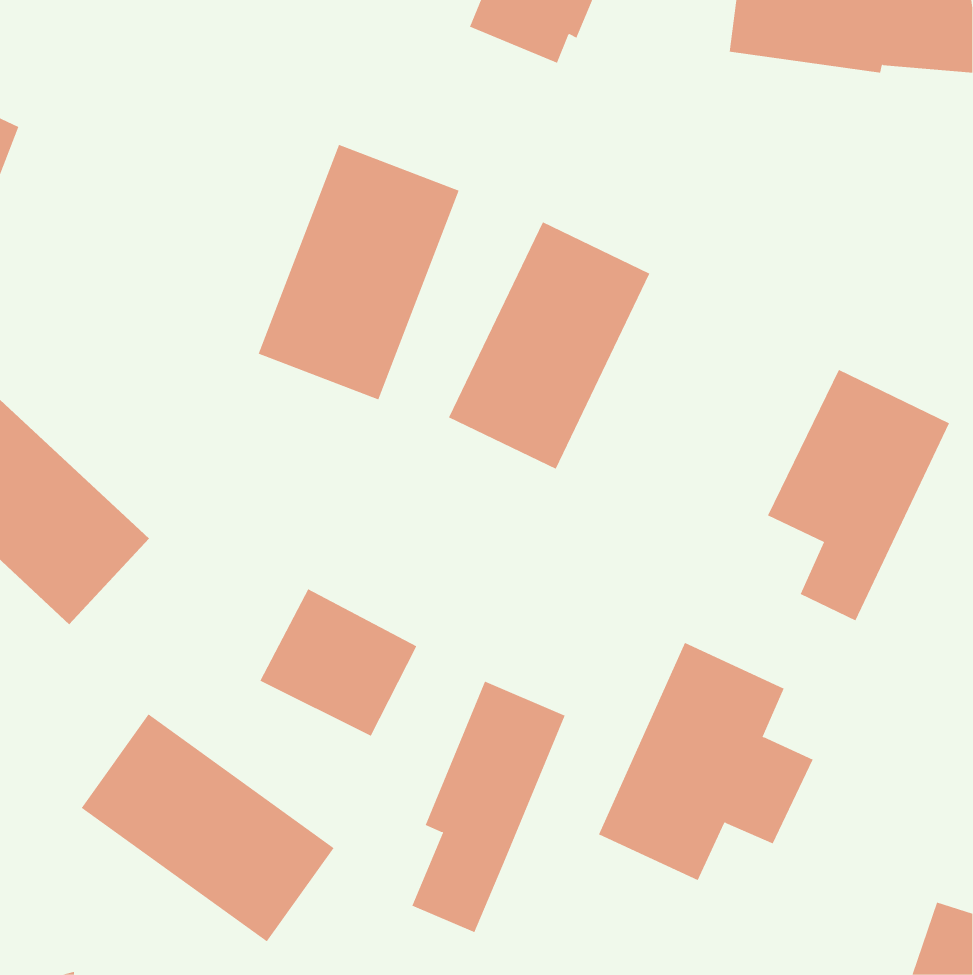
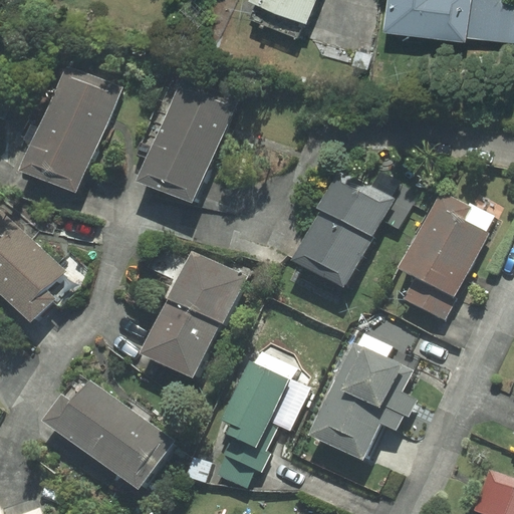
building: none -> [17,60,120,199]
building: [448,221,650,470] -> [289,162,395,291]
building: none -> [165,251,248,330]

